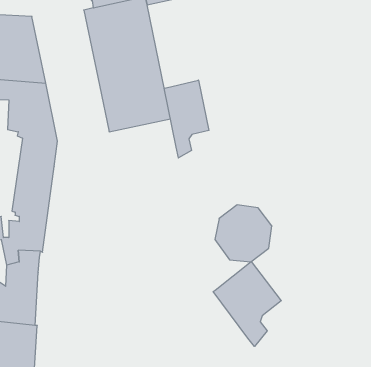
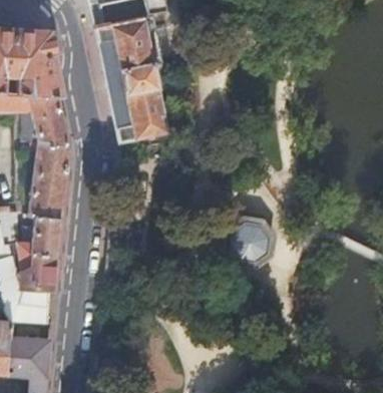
building: [164,80,209,158] -> none
building: [213,262,281,346] -> none

